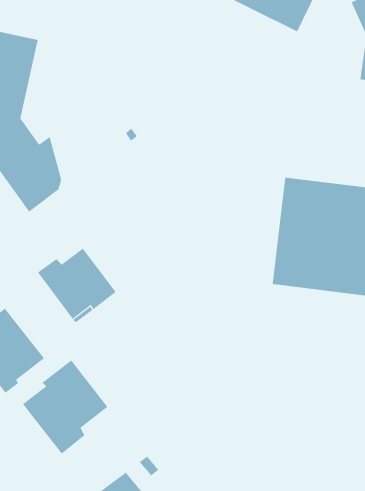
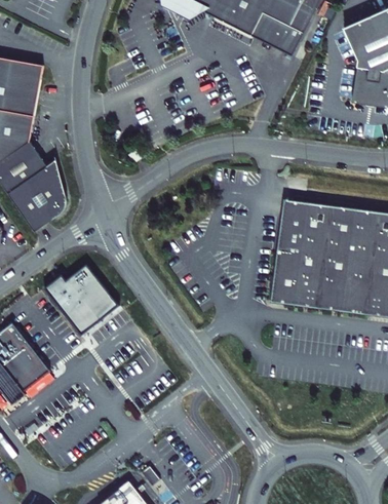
building: [22,360,108,455] -> none

